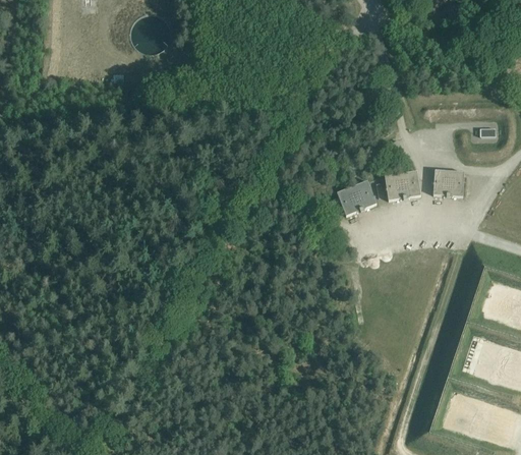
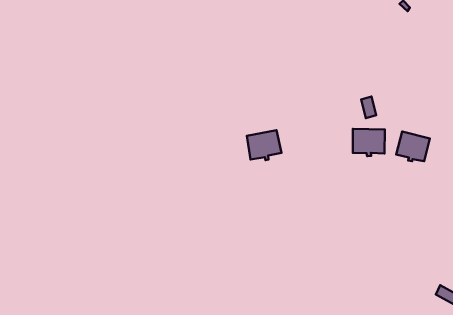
building: [337,180,375,215] -> [247,130,282,160]

